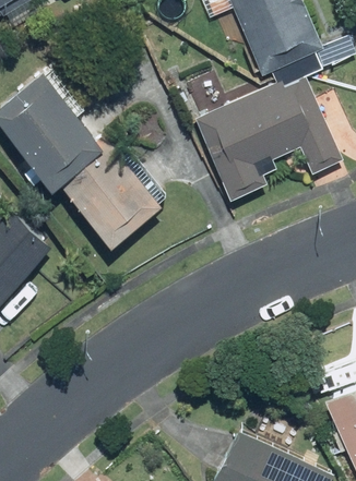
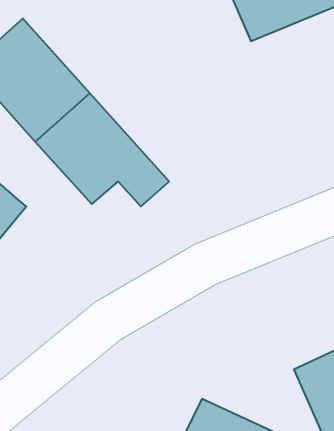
building: [187,86,331,207] -> none

